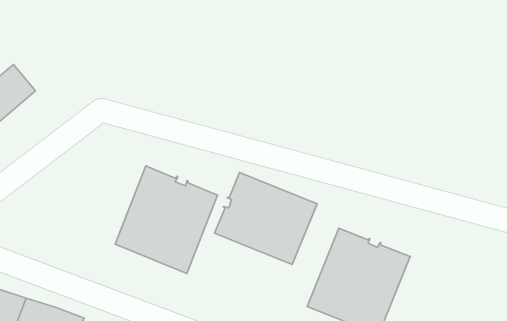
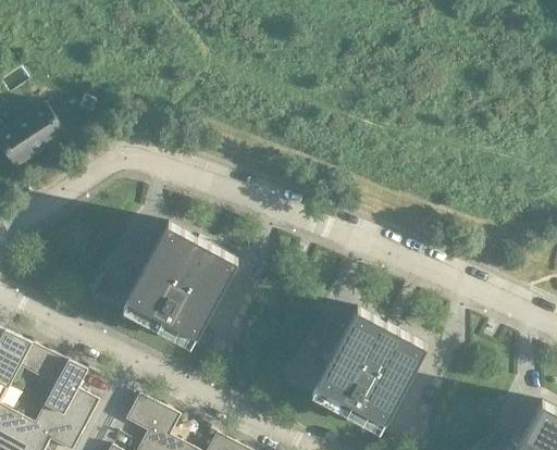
building: [214,173,317,264] -> none

